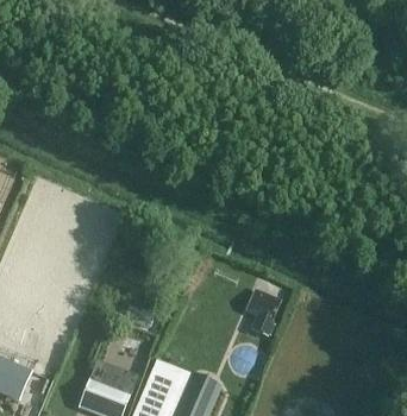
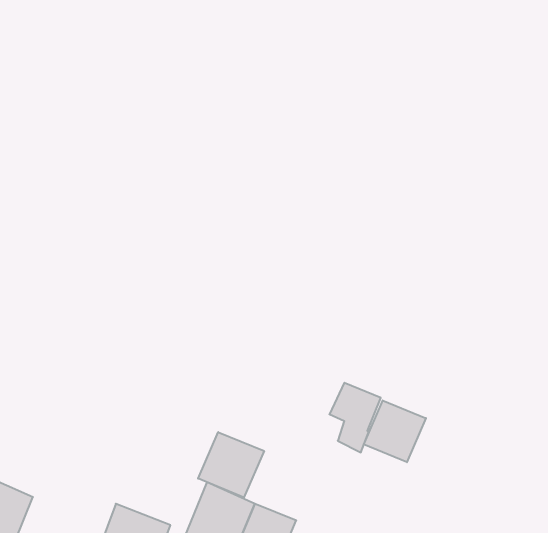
building: none -> [364,400,426,462]
building: none -> [198,432,264,498]

